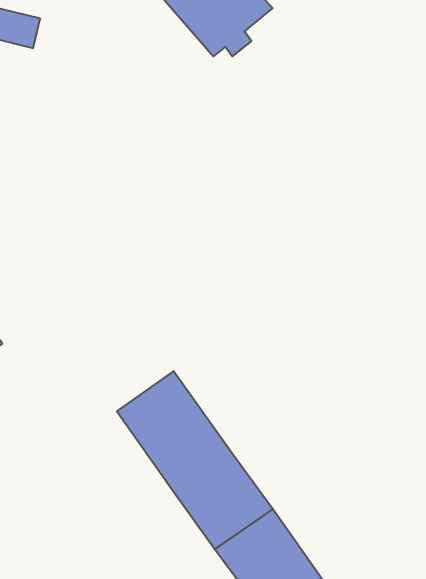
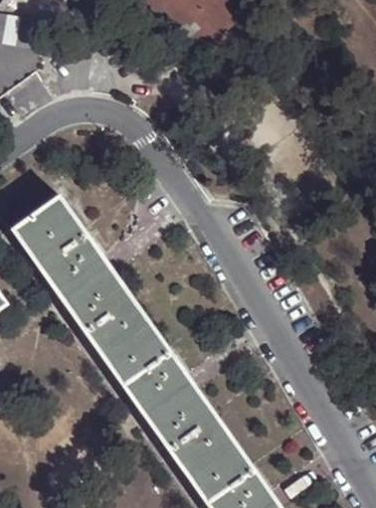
building: none -> [9,194,152,360]

